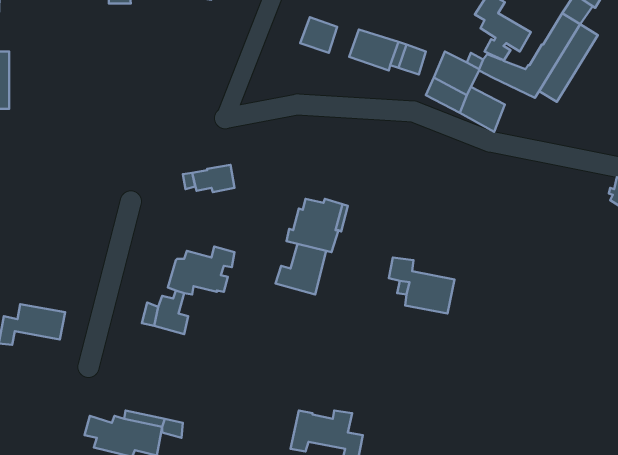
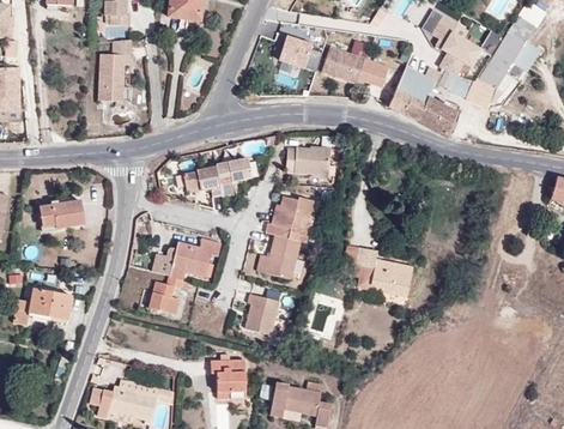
building: none -> [98,38,132,105]
building: none -> [286,145,330,175]
building: none -> [216,158,251,195]
building: none -> [40,199,84,230]
building: none -> [245,292,279,334]
building: none -> [211,352,247,399]

